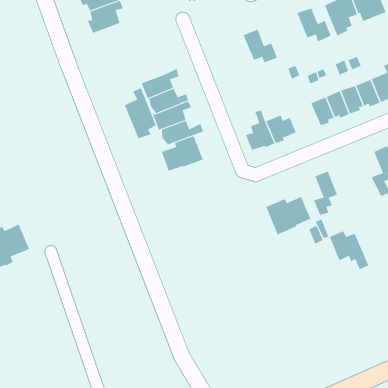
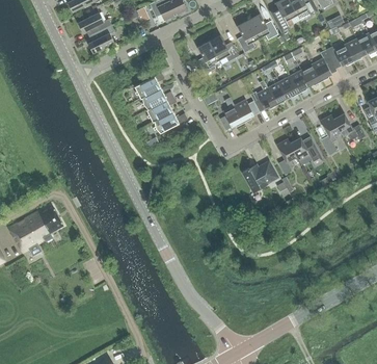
building: none -> [237,19,261,52]
building: none -> [197,41,219,73]
building: [124,88,156,139] -> none
building: none -> [249,79,276,111]
building: [161,135,203,171] -> none
building: [329,230,369,270] -> [289,136,322,165]

